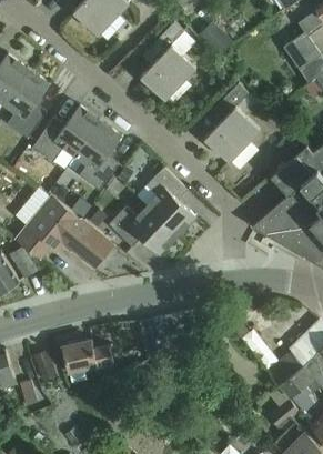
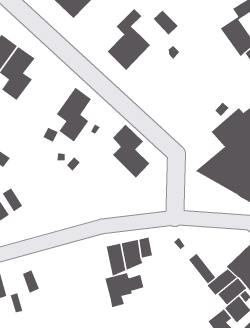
building: [204,84,260,162] -> none
building: [32,107,100,163] -> none
building: [14,196,112,269] -> none
building: [109,206,176,255] -> none
building: [60,339,110,383] -> [105,272,144,308]

